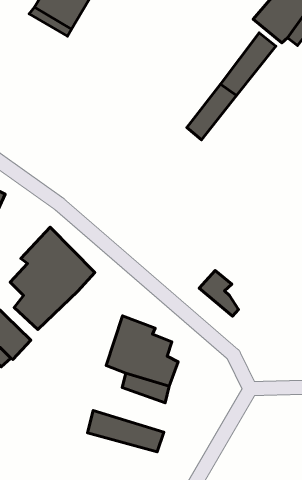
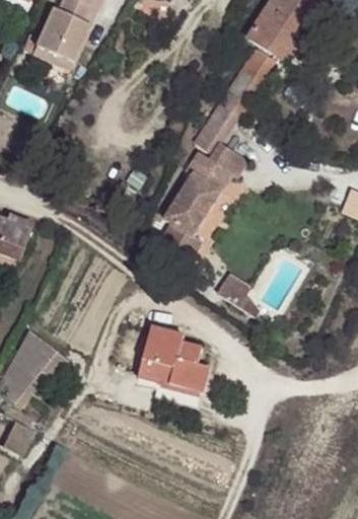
building: none -> [164,139,248,252]
building: [10,227,95,329] -> none
building: [87,410,164,452] -> none

